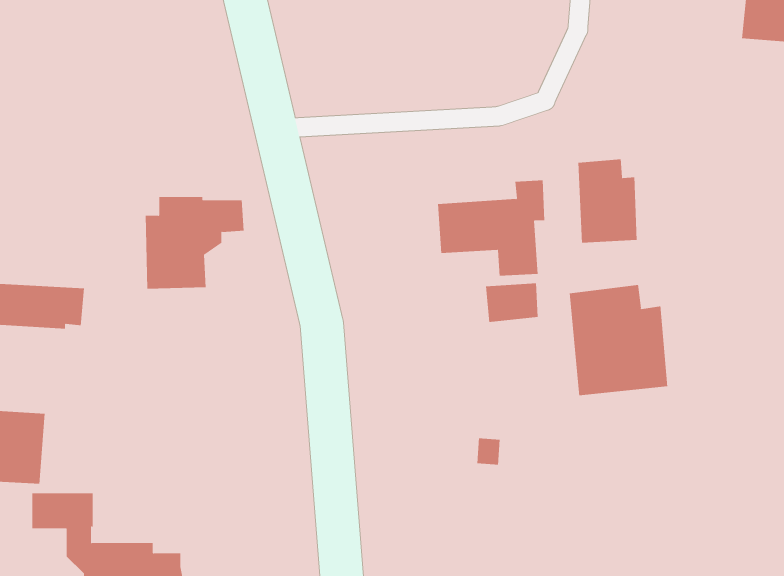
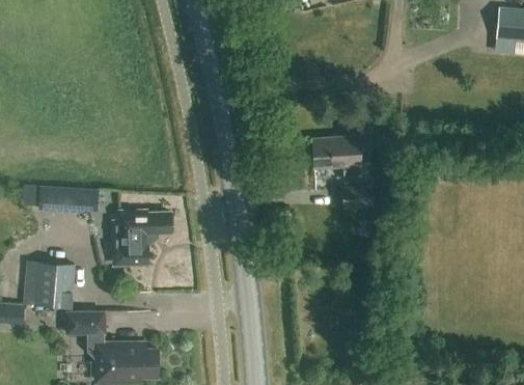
building: [578,159,637,243] -> none
building: [145,196,244,289] -> [111,212,171,268]
building: [569,284,668,396] -> none

